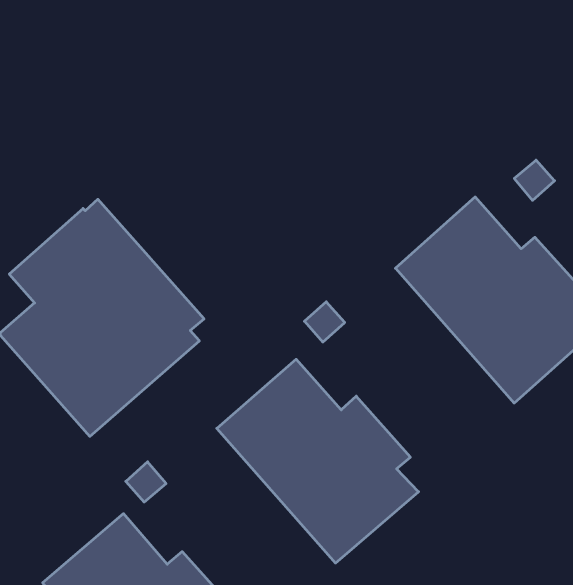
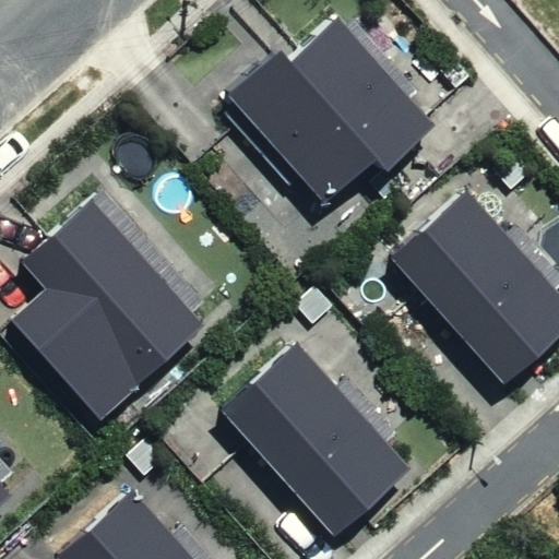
building: none -> [226,17,432,205]

